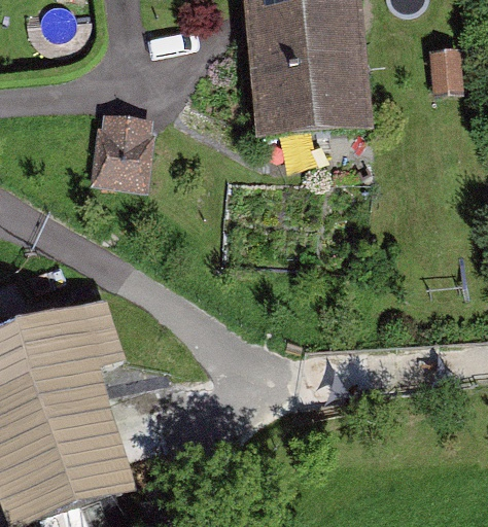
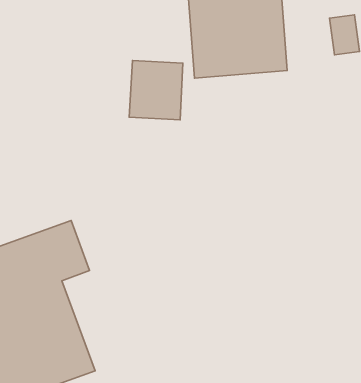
building: [93,117,159,190] -> [129,61,183,120]

